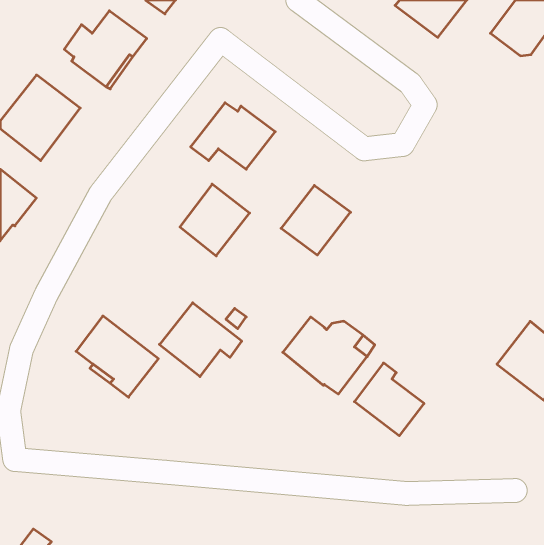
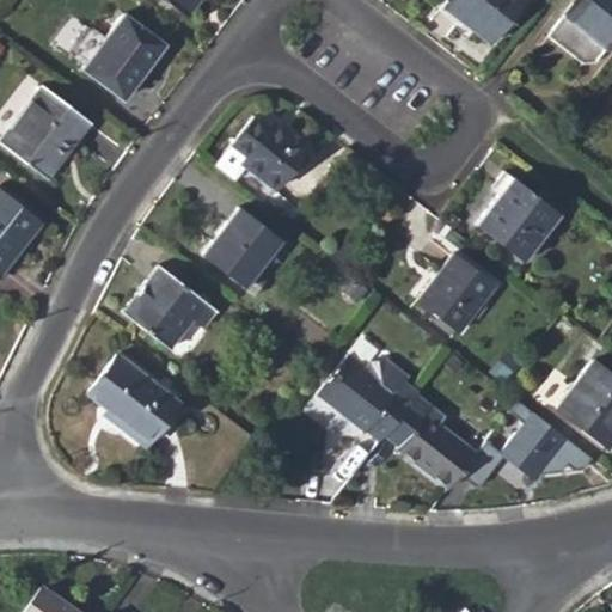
building: none -> [477,172,561,262]
building: [281,185,351,255] -> [418,255,496,332]
building: [159,303,242,377] -> [124,268,216,350]
building: none -> [502,409,593,485]

